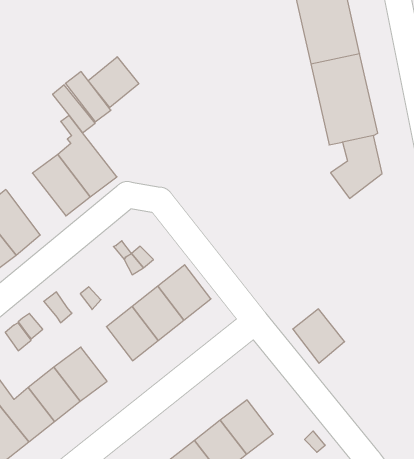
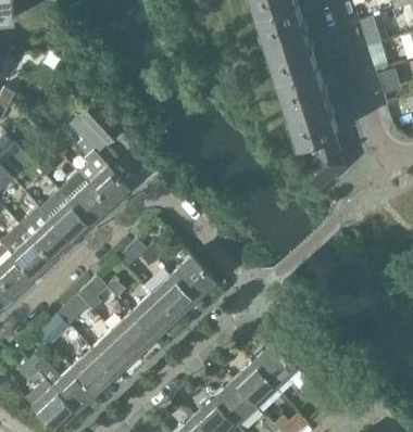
building: [88,57,139,108] -> none
building: none -> [39,192,89,243]
building: [293,309,345,363] -> [251,345,295,390]
building: none -> [111,314,154,358]

